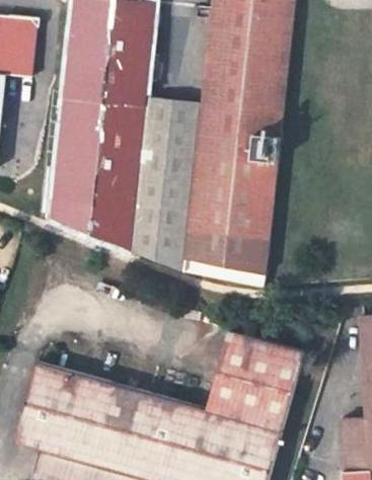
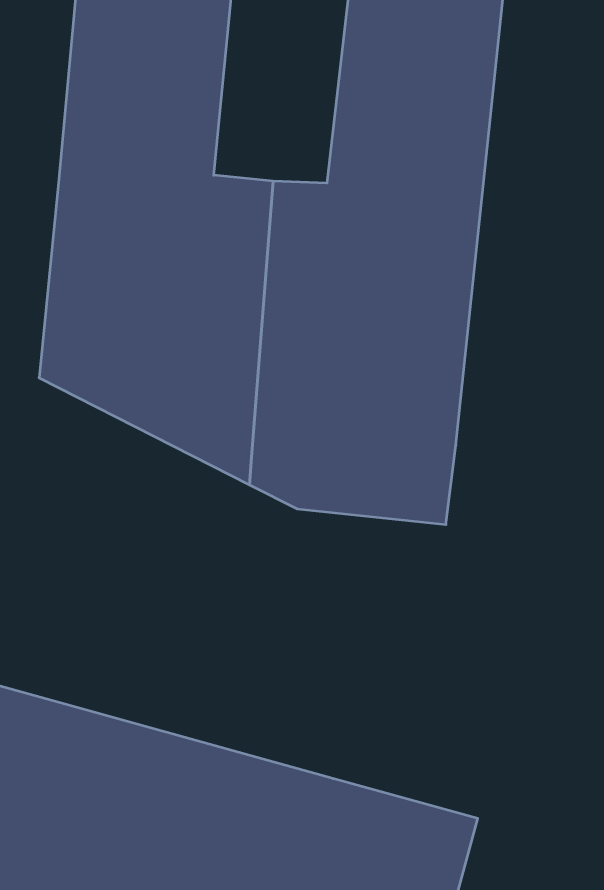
building: [206,328,299,427] -> none

